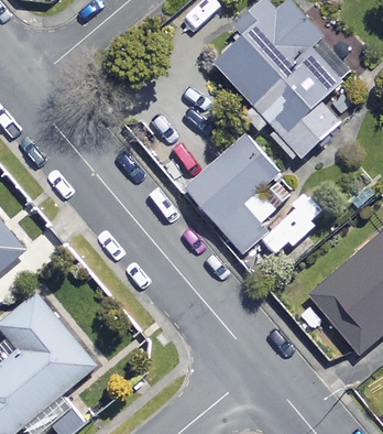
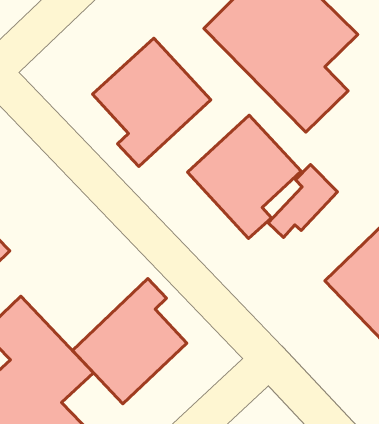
building: none -> [93,38,211,166]
building: none -> [72,279,187,404]

